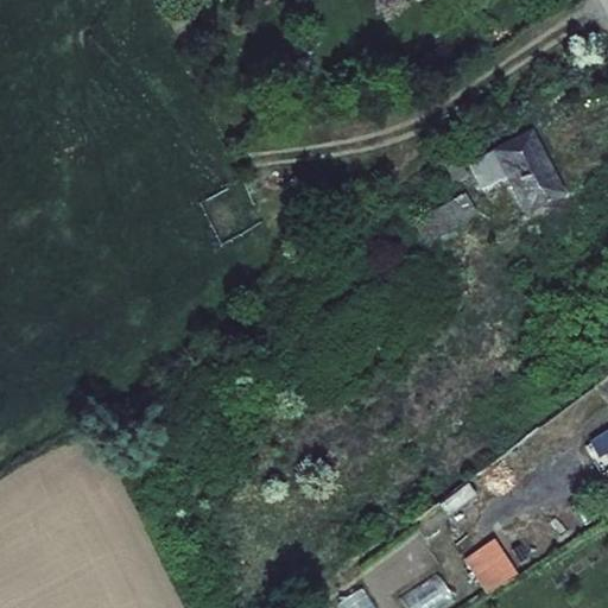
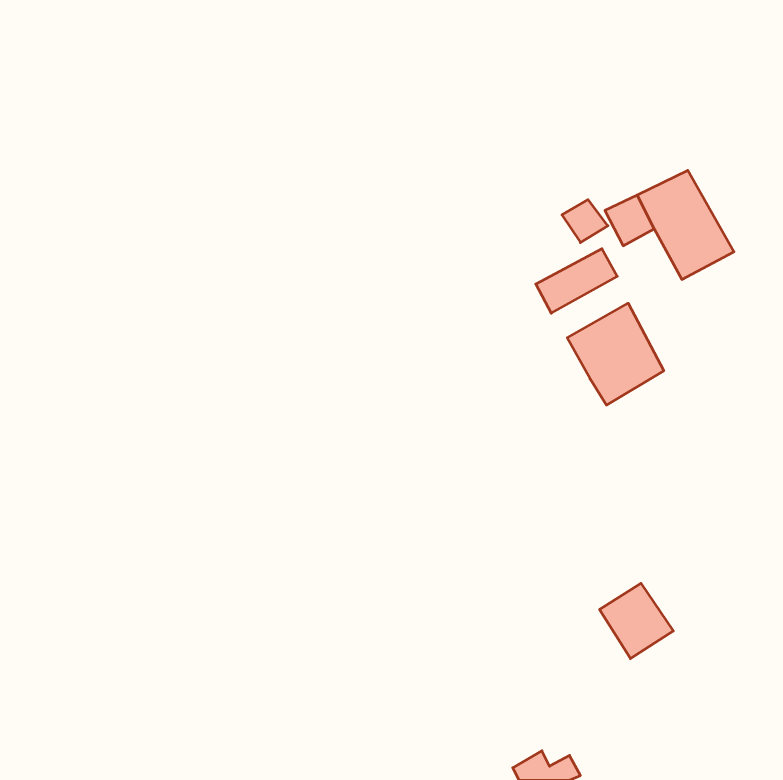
building: none -> [567,303,664,405]
building: [462,536,519,594] -> [600,583,673,659]

